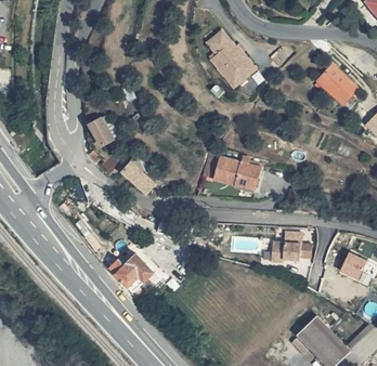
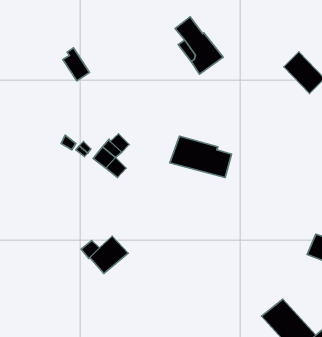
building: [86,114,113,147] -> [63,48,90,81]
building: [279,241,310,263] -> none

